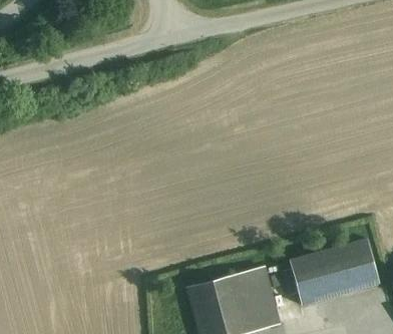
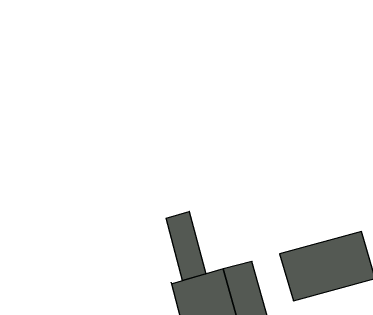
building: none -> [166,211,206,281]

